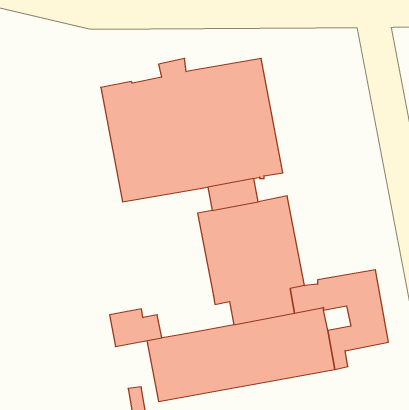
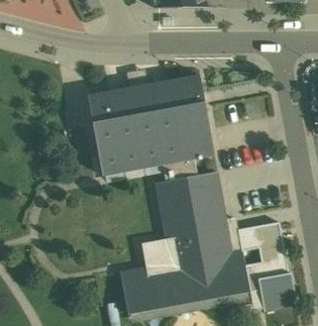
building: [110,309,162,347] -> [143,240,180,266]
building: none -> [257,273,297,311]

